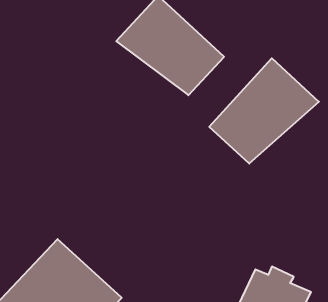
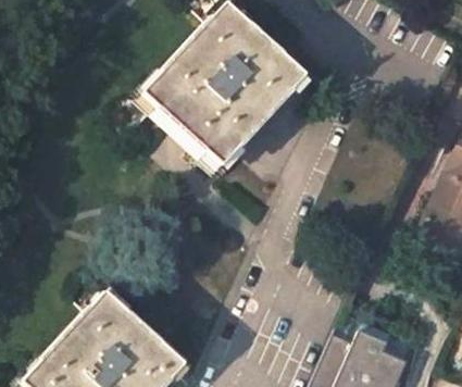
building: none -> [146,61,263,170]
building: [209,58,319,164] -> none

